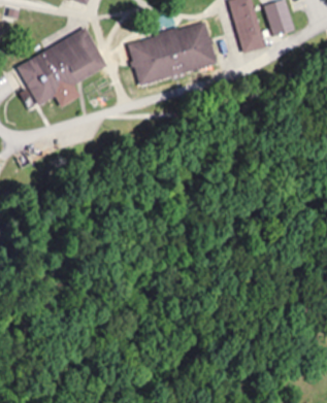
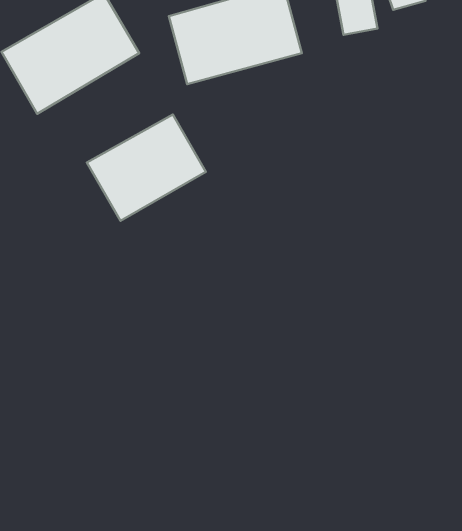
building: none -> [87,114,206,221]

